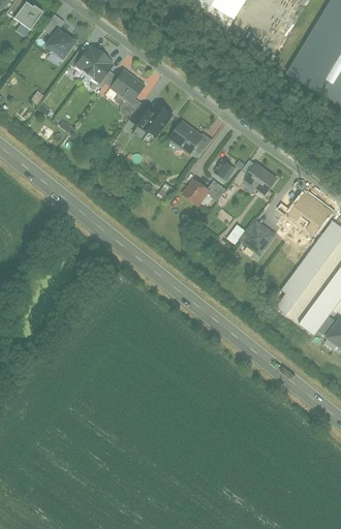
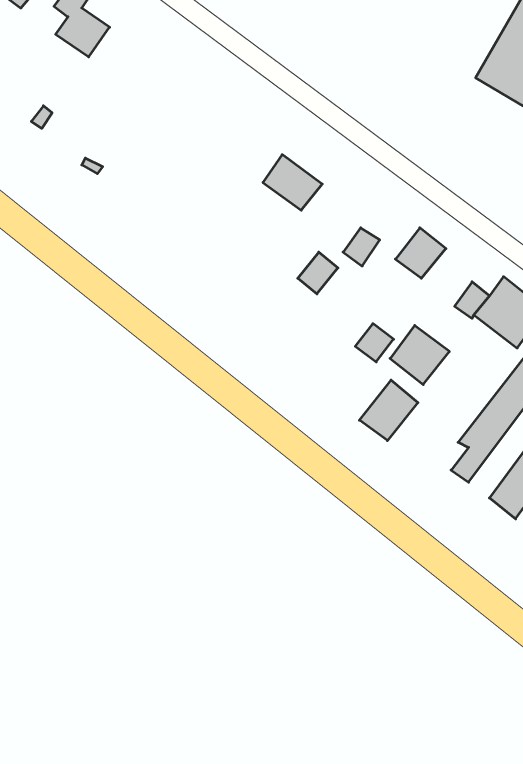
building: [73,48,112,84] -> none
building: [105,68,141,103] -> none
building: [130,103,173,138] -> none
building: none -> [359,380,418,441]

